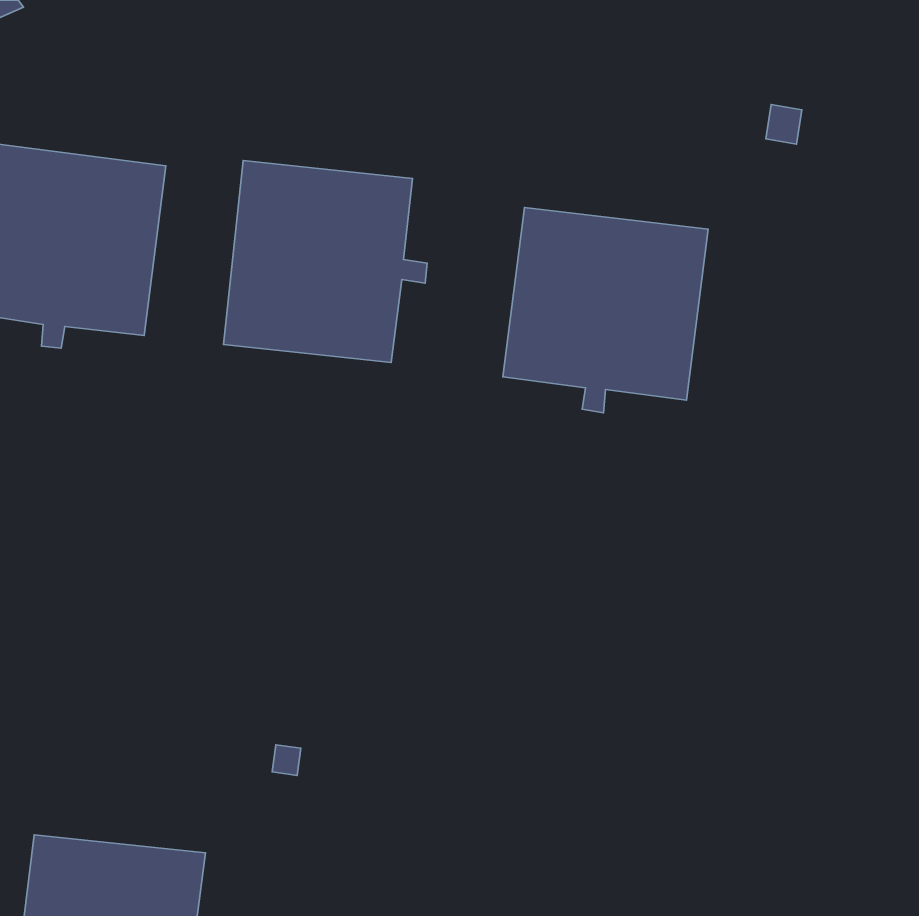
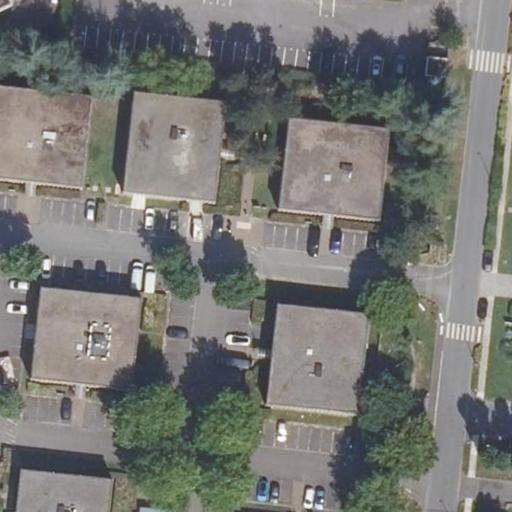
building: none -> [29,283,143,398]
building: none -> [254,302,366,414]

